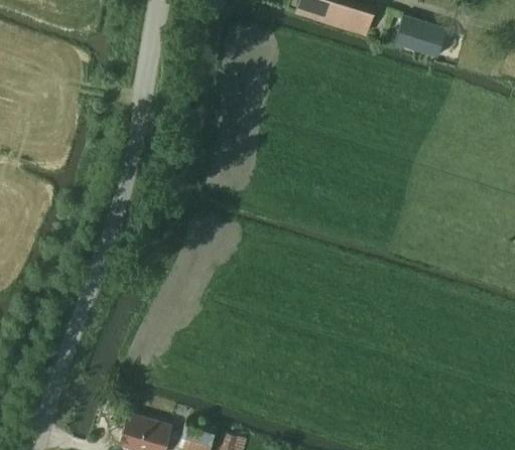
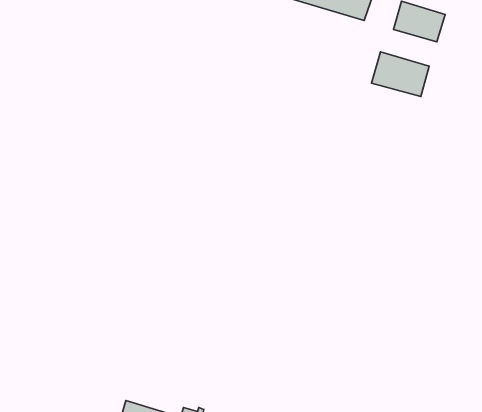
building: none -> [372,52,429,96]

